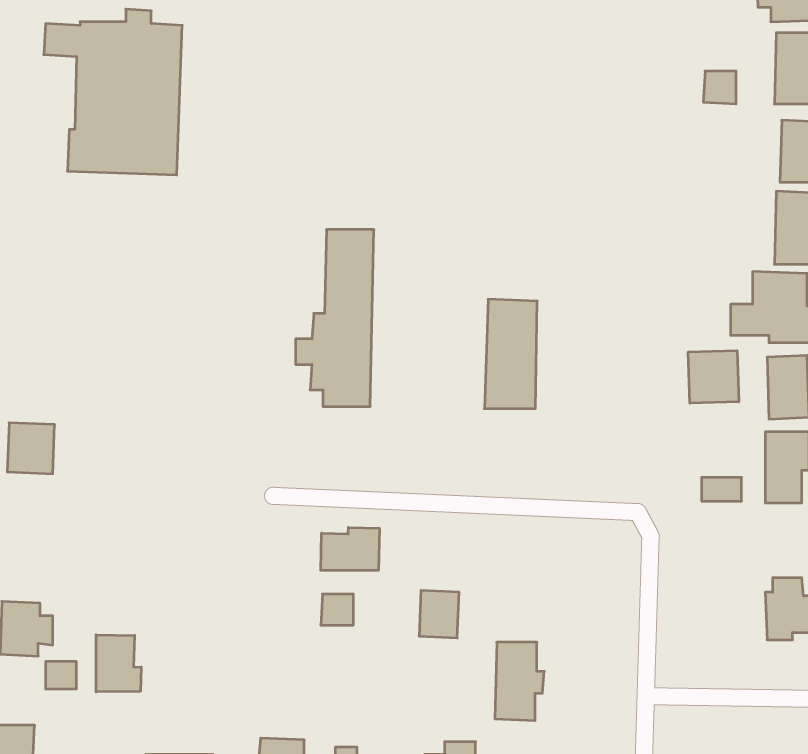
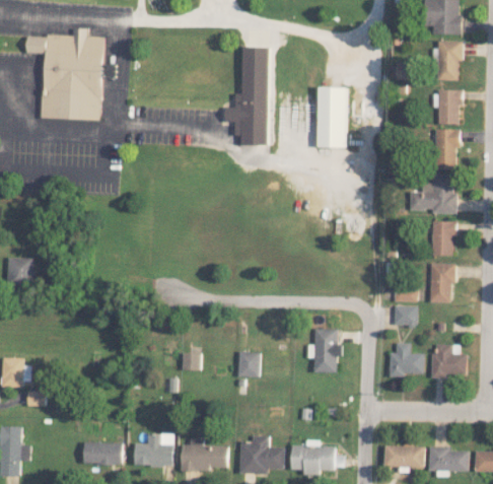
building: [296,230,374,406] -> [225,47,269,145]
building: [484,299,537,409] -> [316,86,346,147]
building: [688,351,739,403] -> none
building: none -> [393,306,416,326]
building: [321,527,379,570] -> none
building: none -> [388,343,422,376]
building: [96,635,141,692] -> none
building: [495,642,544,721] -> [312,329,340,372]

